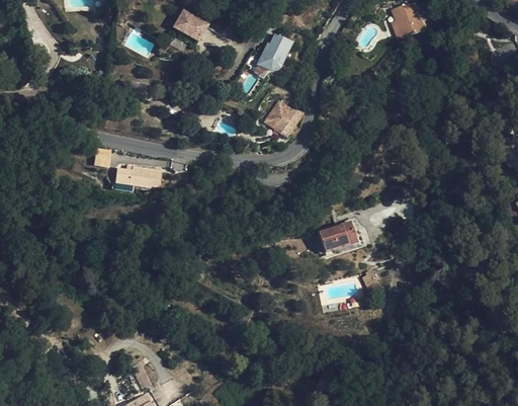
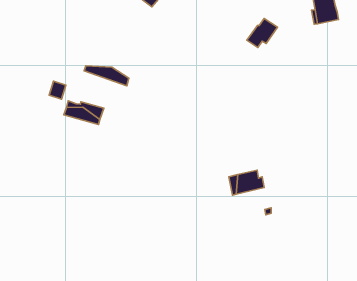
building: [254,30,288,66] -> [247,19,278,48]
building: [267,106,296,134] -> none
building: none -> [84,66,129,86]

